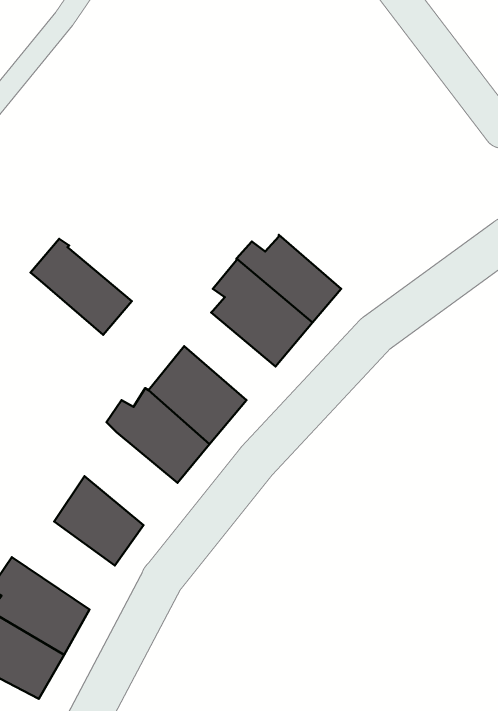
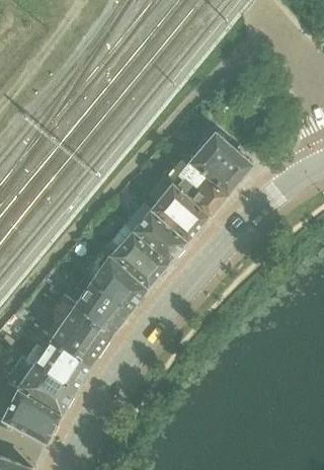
building: none -> [190,132,253,194]
building: [30,239,132,335] -> [128,204,188,261]
building: none -> [74,281,130,336]
building: none -> [30,334,92,387]

